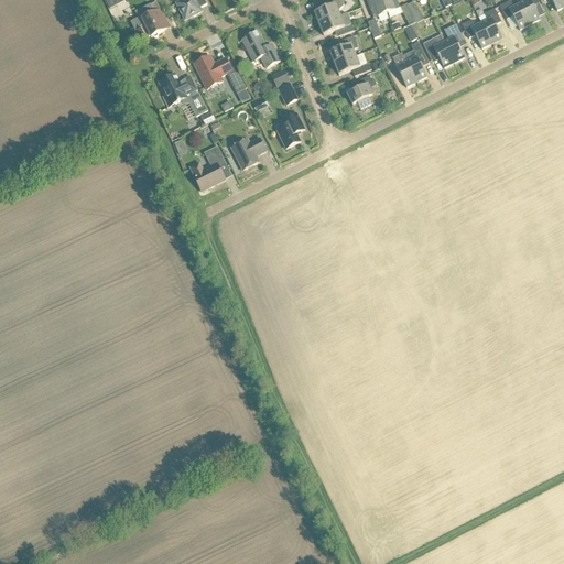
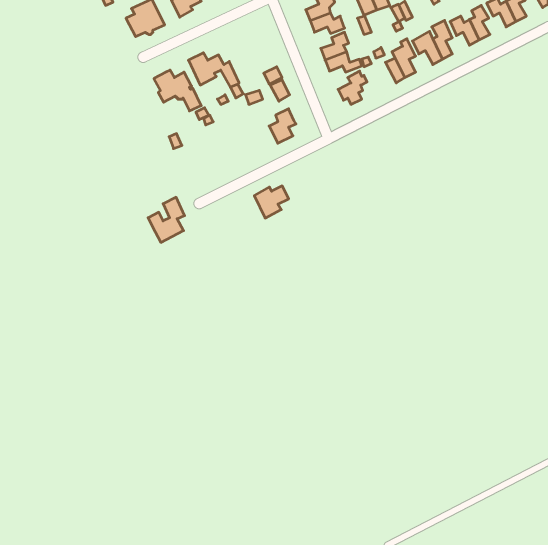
building: [242,30,279,66] -> none
building: [230,135,265,169] -> [254,186,289,218]
building: [187,143,225,189] -> [148,197,185,242]

